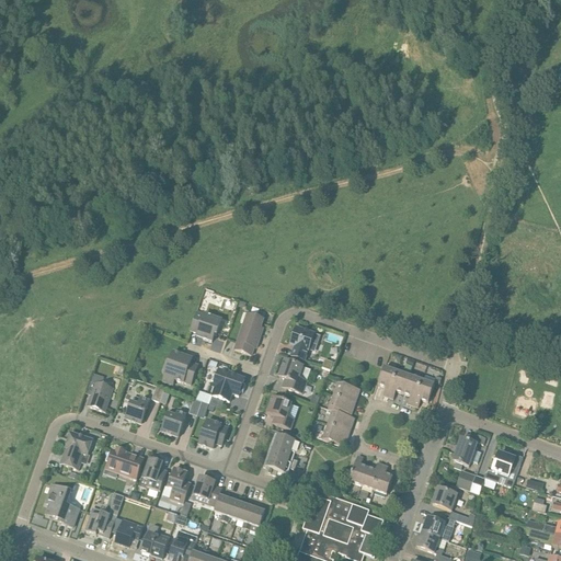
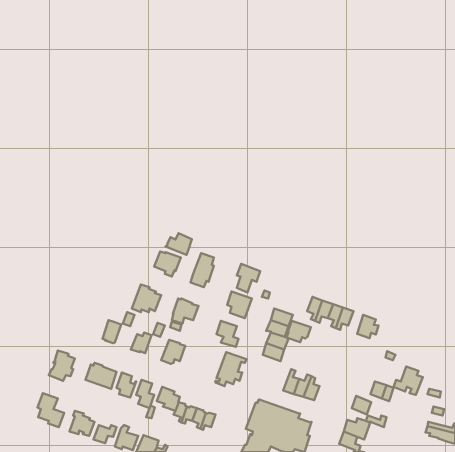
building: none -> [166,233,192,255]
building: [88,371,113,410] -> none
building: none -> [287,321,311,342]
building: [454,437,480,466] -> [357,315,378,338]

